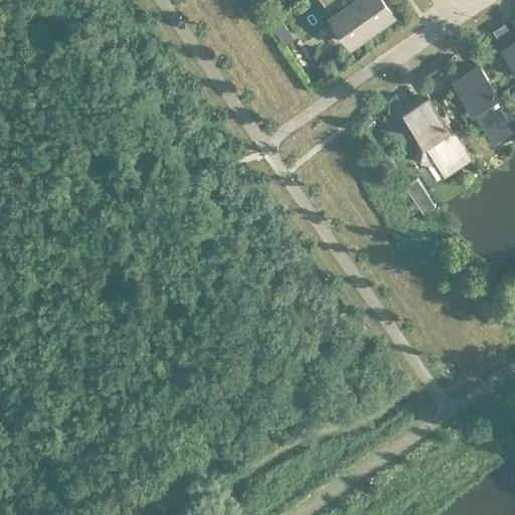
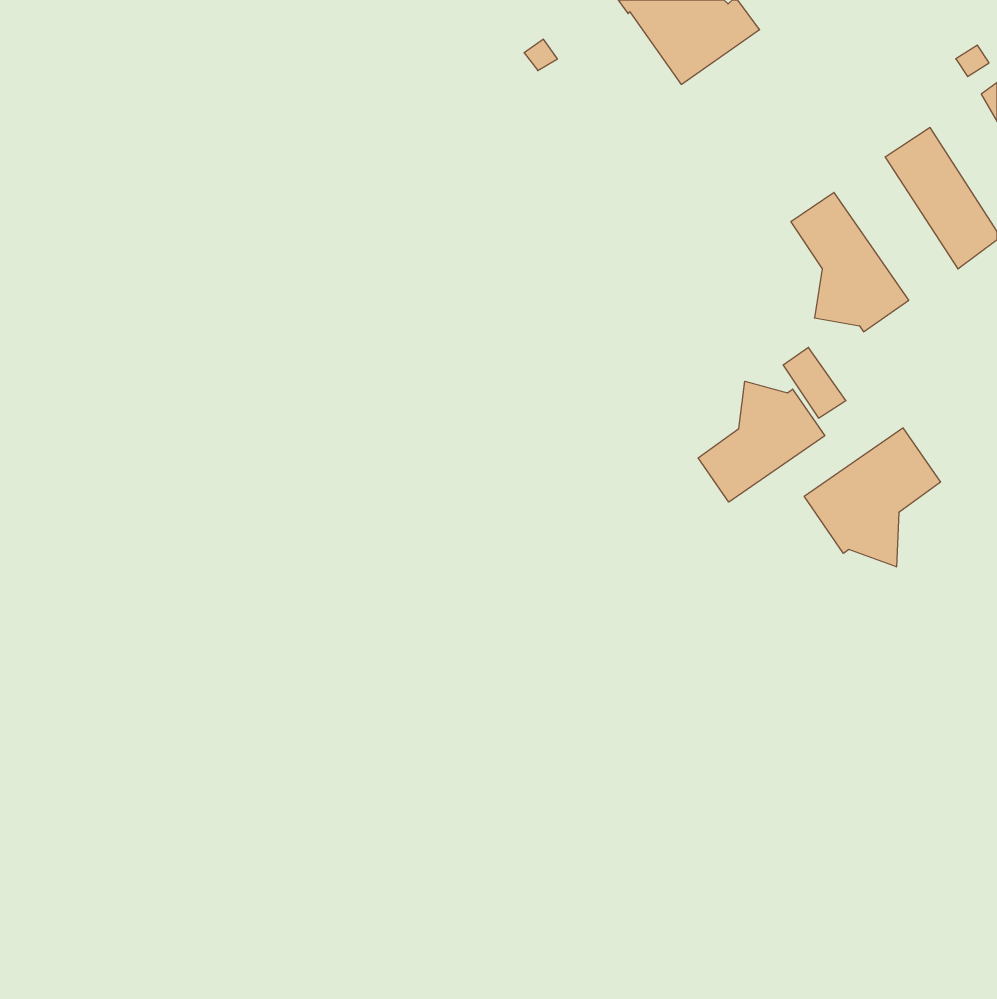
building: none -> [698,381,825,502]
building: none -> [804,428,941,567]

